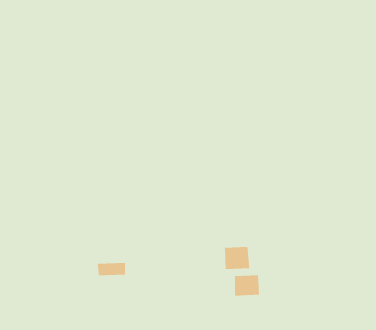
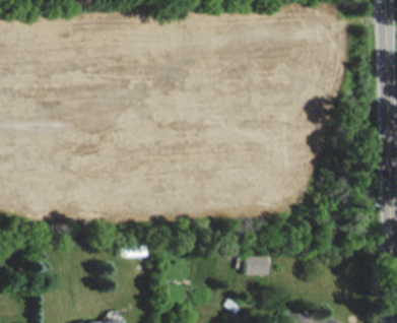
building: [225,246,250,270] -> none

